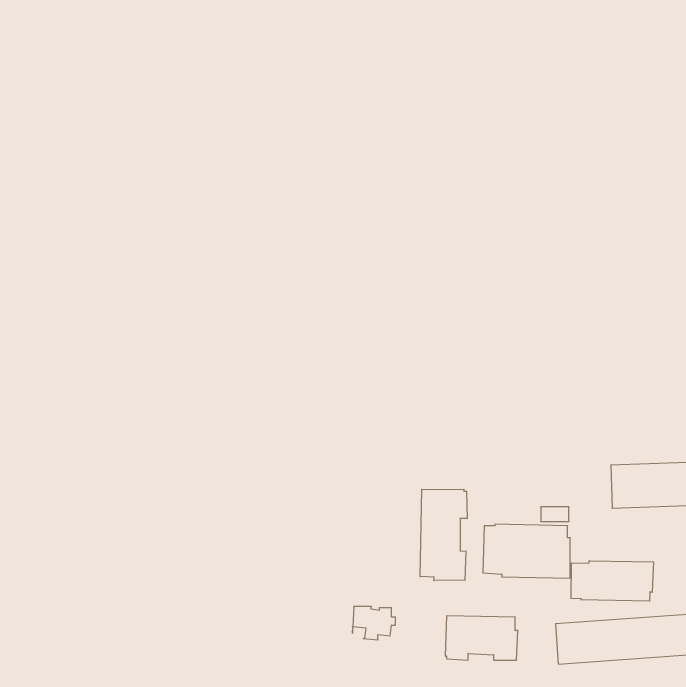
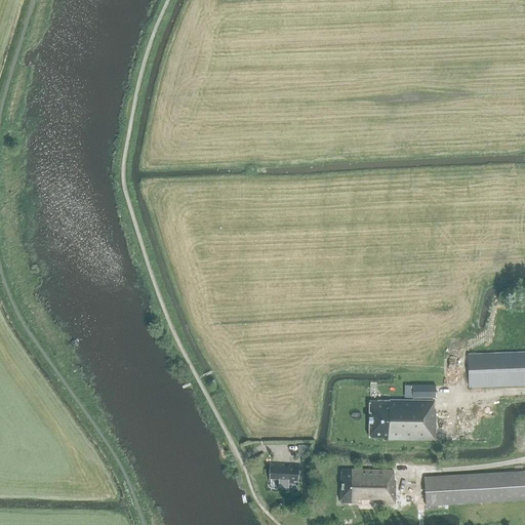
building: [420,489,467,581] -> none
building: [571,561,654,601] -> none

